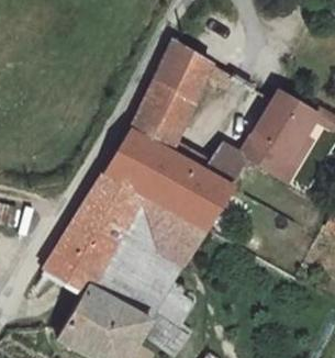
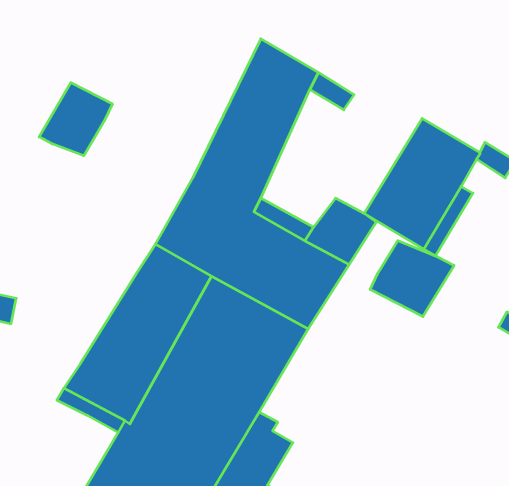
building: none -> [39,83,112,156]
building: none -> [370,241,454,317]

